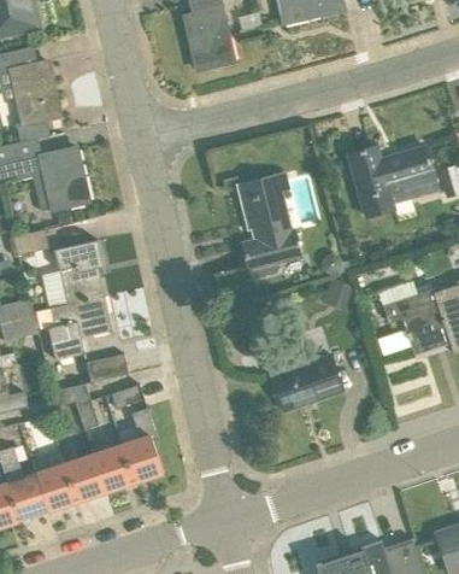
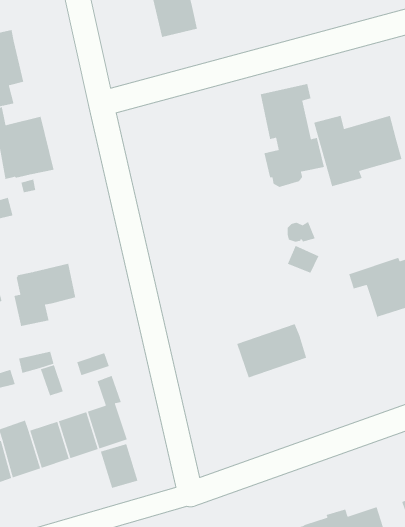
building: [237,174,302,279] -> [260,83,325,188]
building: [54,240,104,304] -> none
building: [87,353,128,382] -> none
building: none -> [100,443,139,489]

